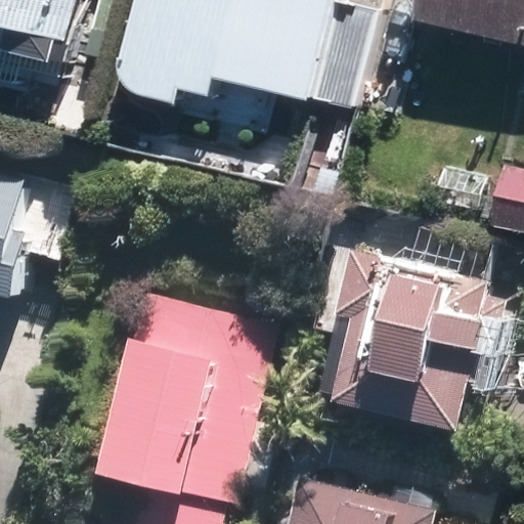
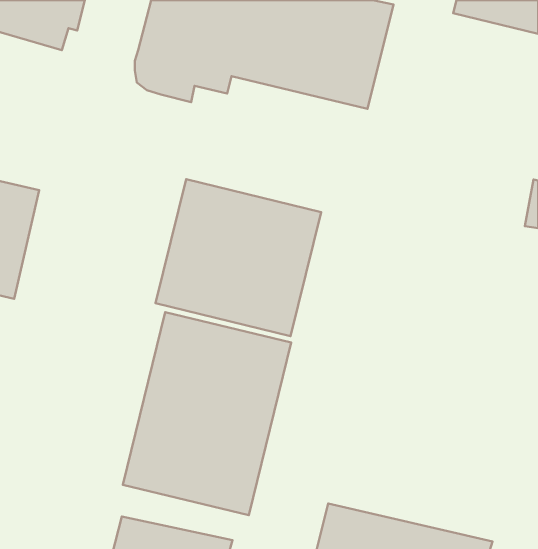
building: none -> [156,179,321,336]
building: [343,254,503,414] -> none

